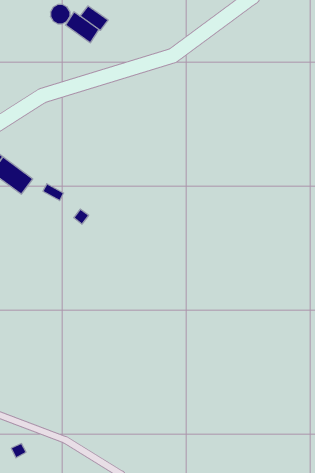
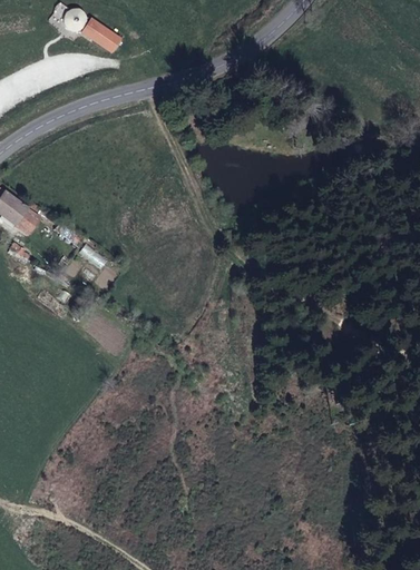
building: [80,6,108,30] -> none

